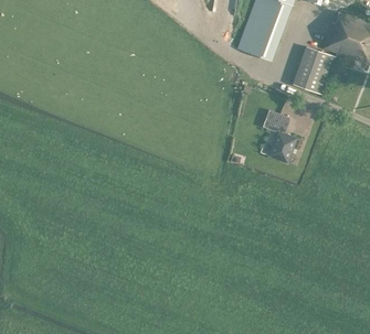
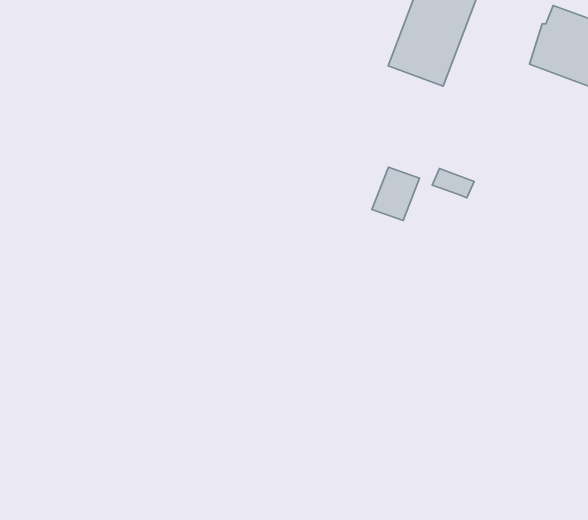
building: [290,46,334,95] -> none
building: [266,131,295,163] -> [372,167,420,220]

